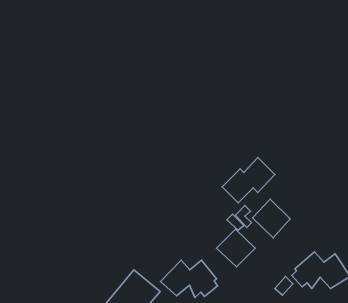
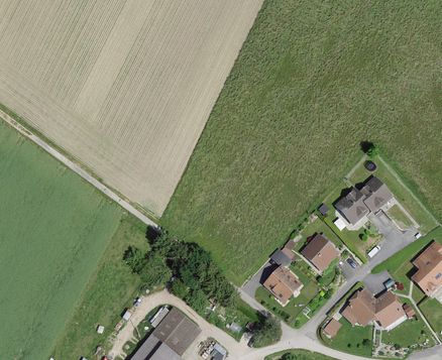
building: [222,158,275,203] -> [335,176,392,225]
building: [161,260,217,297] -> none

